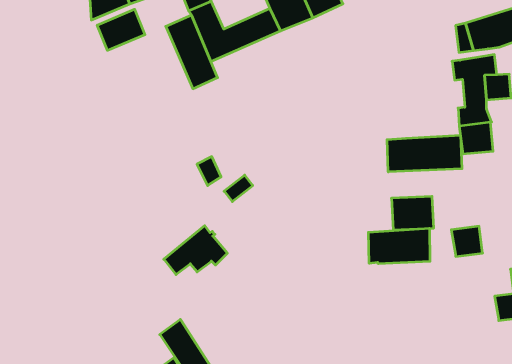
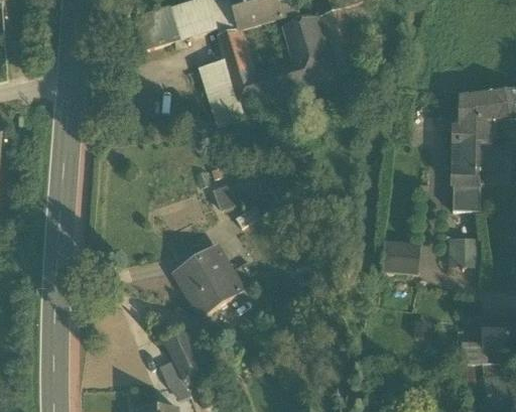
building: [97,9,145,50] -> none
building: [387,135,462,172] -> none
building: [451,226,483,256] -> [450,241,476,265]
building: [368,228,430,264] -> none
building: none -> [181,272,242,316]

